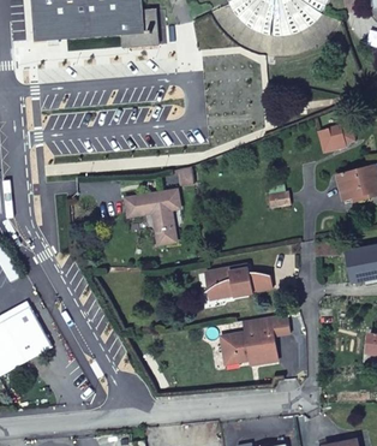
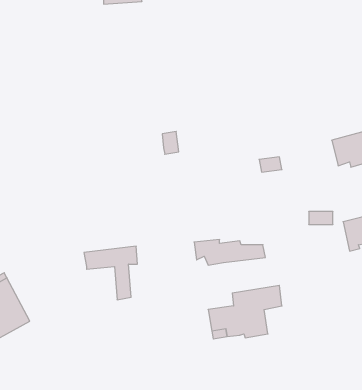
building: [317,124,354,153] -> none
building: [126,191,176,242] -> [84,246,137,300]

